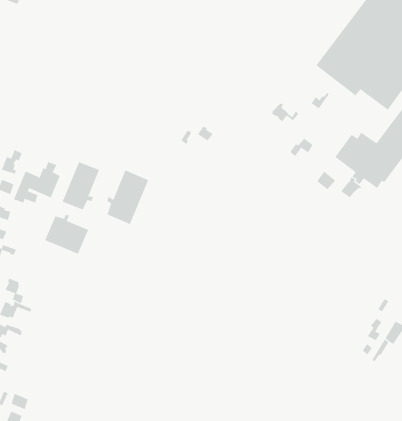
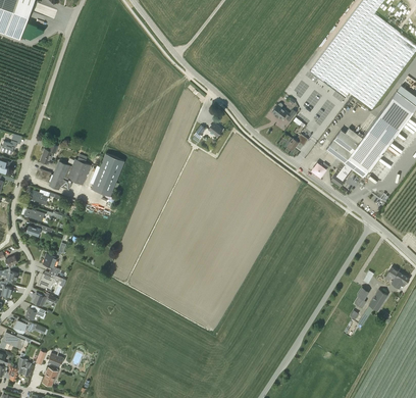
building: [107,170,149,225] -> none
building: [45,214,89,254] -> none

